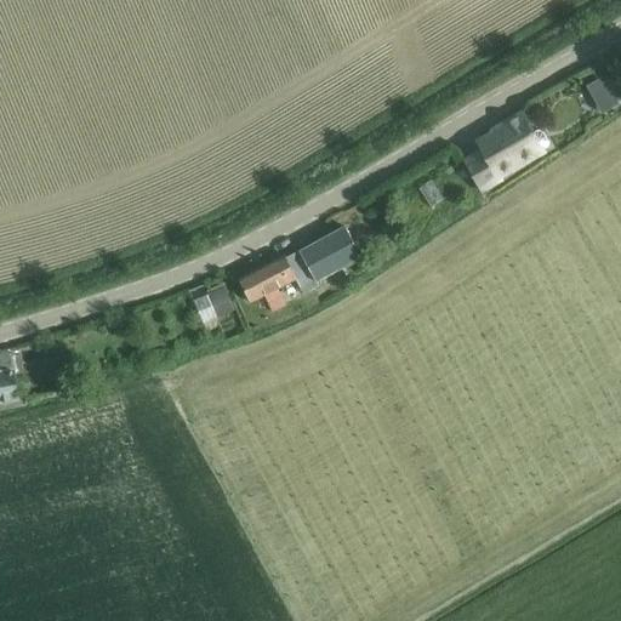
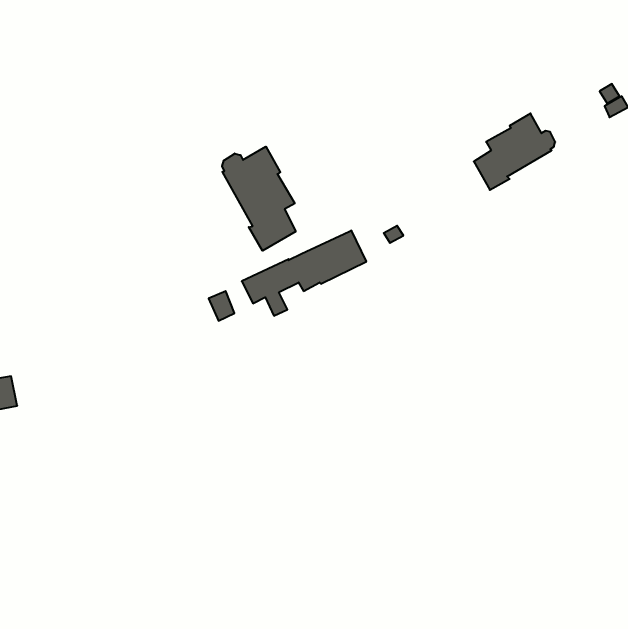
building: none -> [222,147,296,251]

